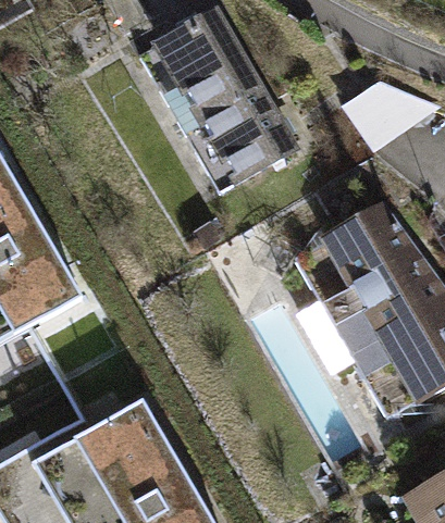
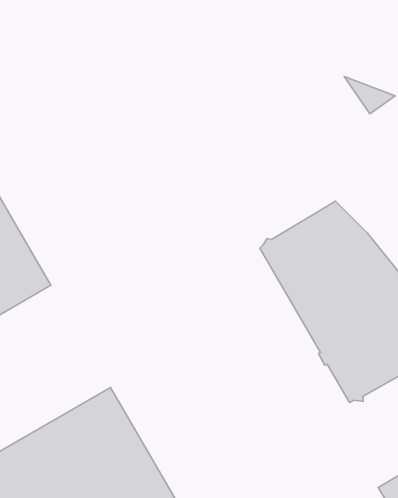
building: [139,10,295,190] -> none

